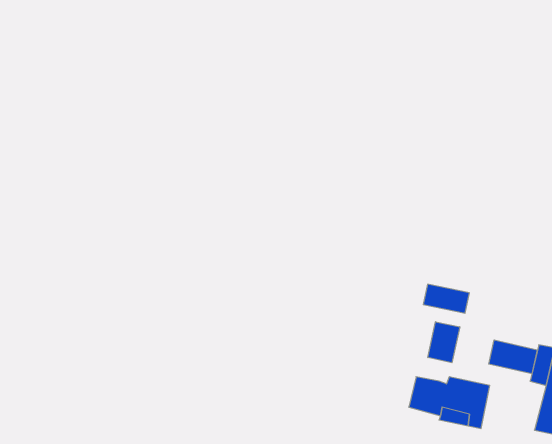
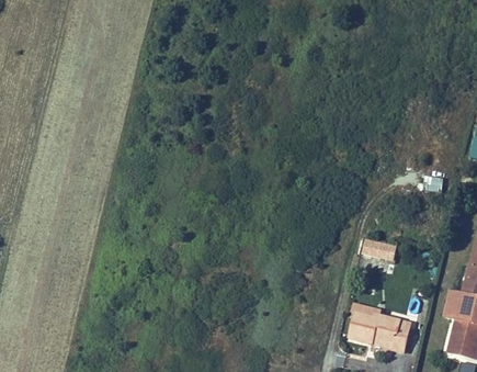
building: [428,322,460,363] -> none
building: [489,340,537,374] -> none

